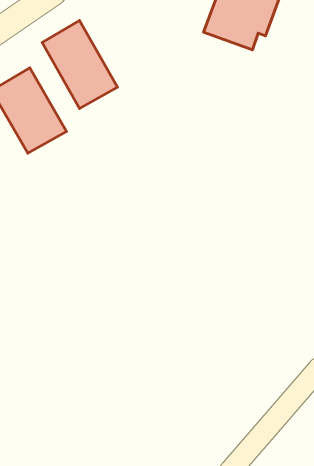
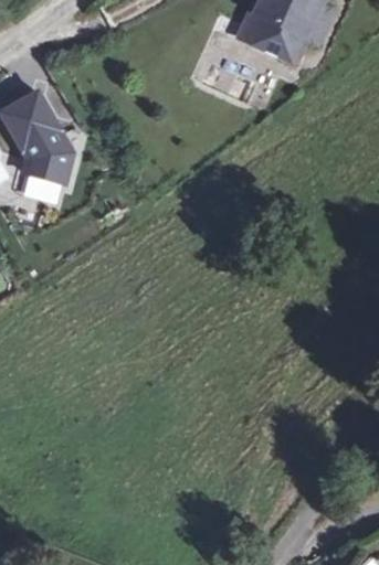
building: [42,21,118,109] -> none

